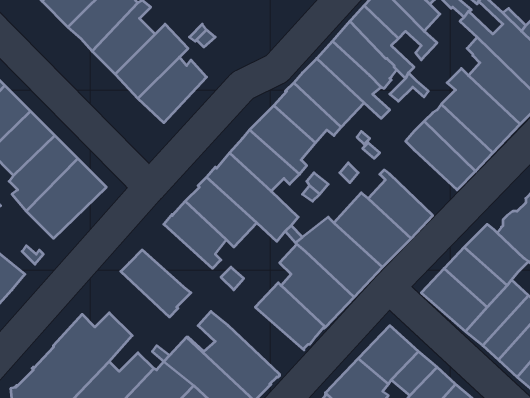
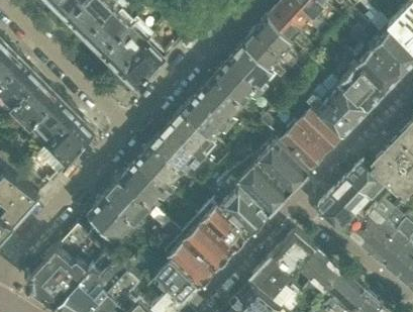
building: none -> [295,107,342,153]
building: none -> [120,160,170,204]
building: none -> [87,193,139,241]
building: none -> [181,214,234,266]

